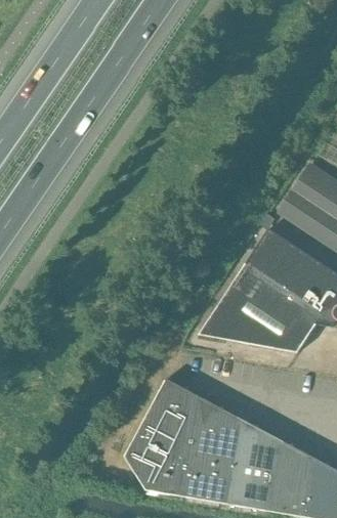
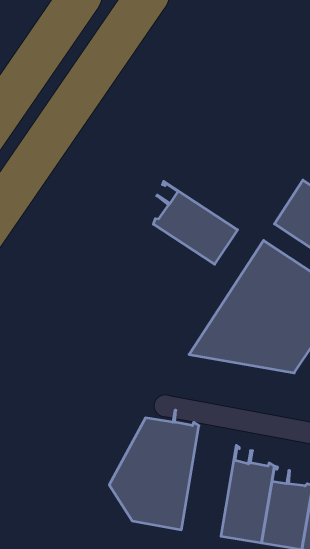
building: none -> [153,181,238,264]
building: [193,400,244,504] -> none

